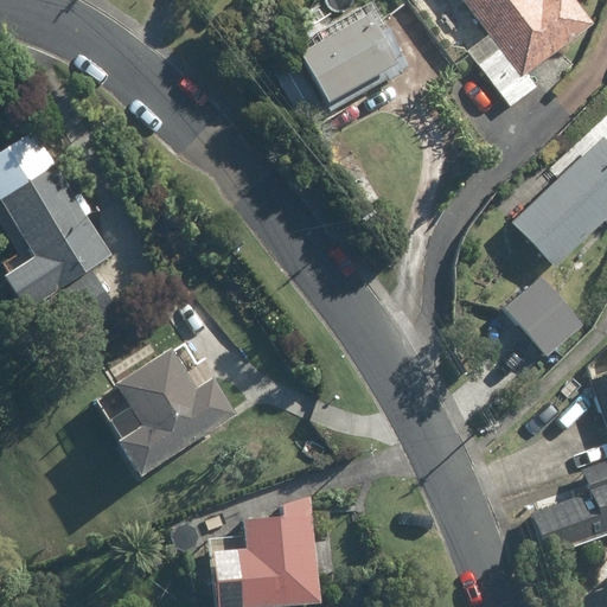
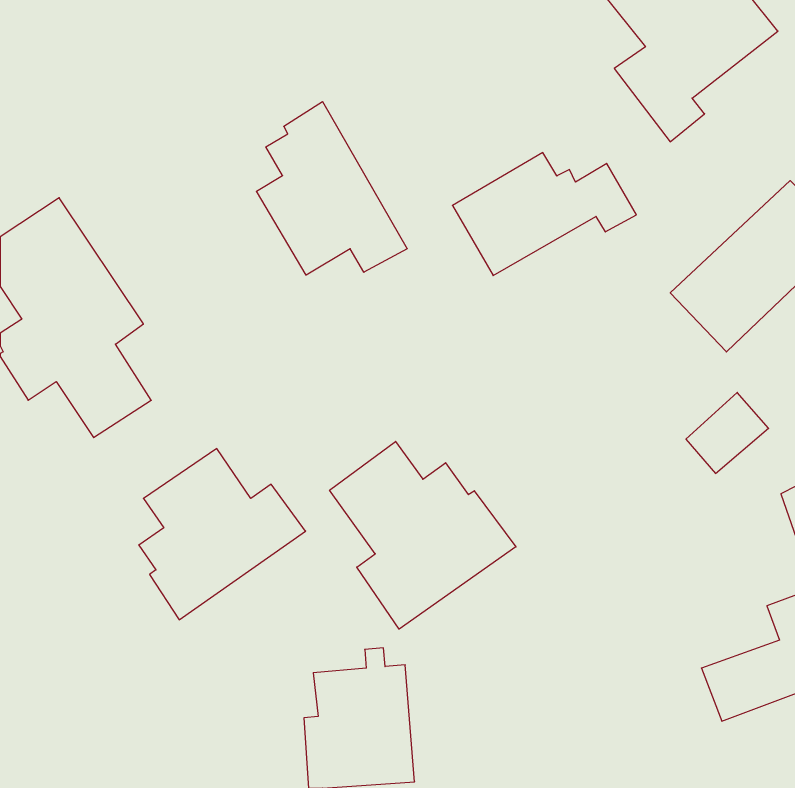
building: [300,17,440,110] -> [452,153,636,276]
building: none -> [256,102,407,275]
building: none -> [330,441,516,629]

